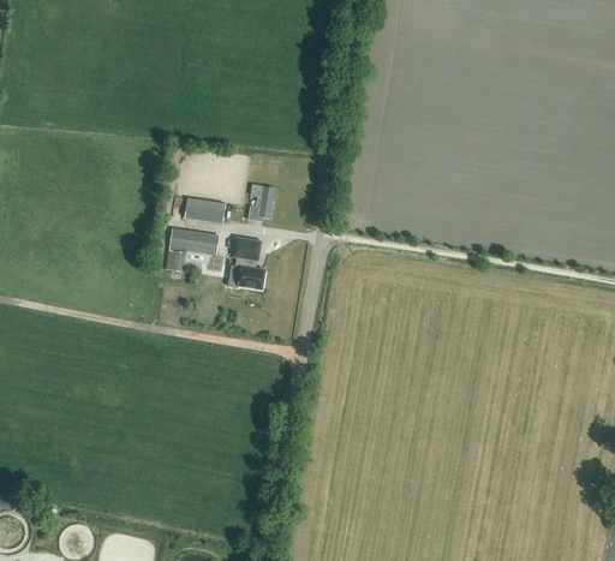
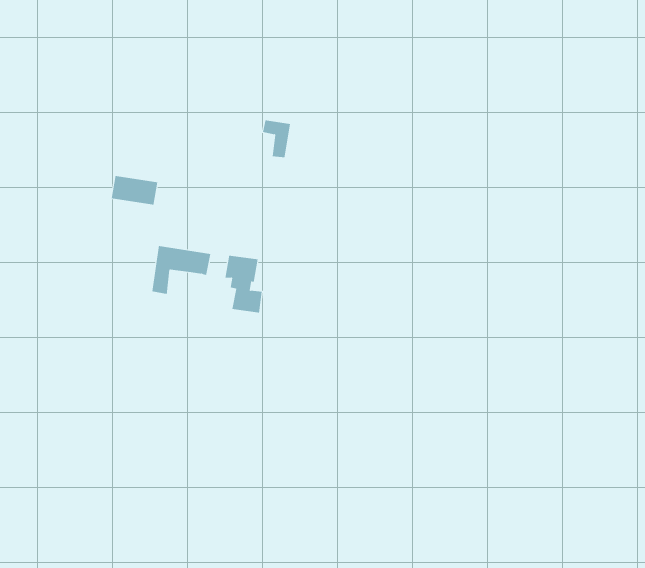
building: [249,184,274,217] -> [262,120,291,158]
building: [183,197,225,223] -> [111,176,158,205]

